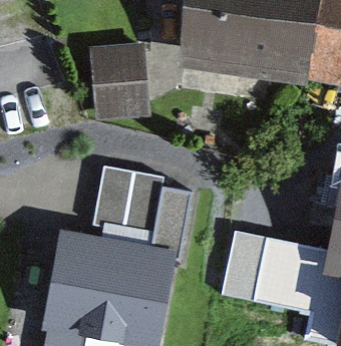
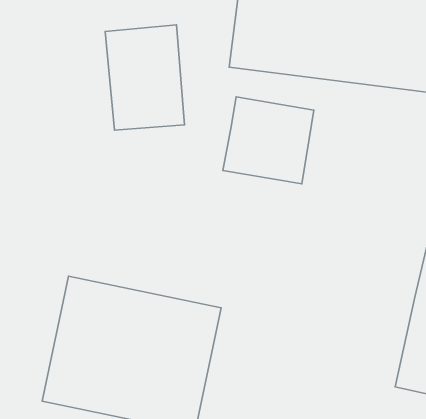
building: [92,166,161,233] -> [223,97,314,184]
building: [220,229,326,314] -> none

